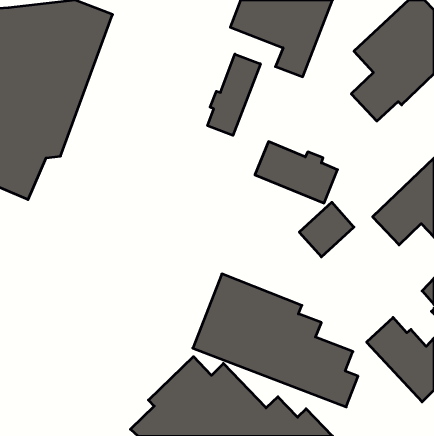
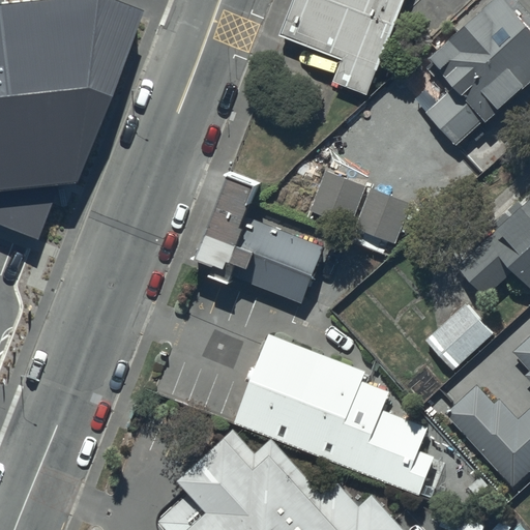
building: [208,54,260,135] -> none
building: none -> [199,172,325,302]
building: [299,202,354,257] -> [425,304,492,371]

